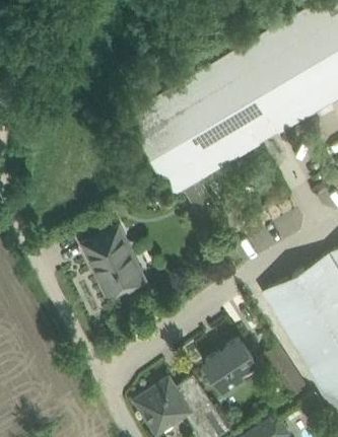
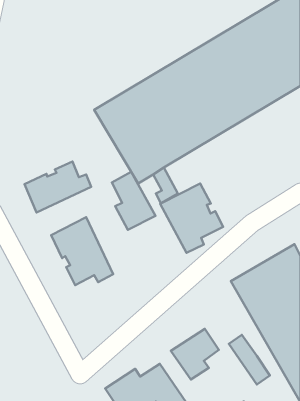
building: none -> [24,162,91,213]
building: none -> [112,172,155,230]
building: none -> [160,184,223,253]

